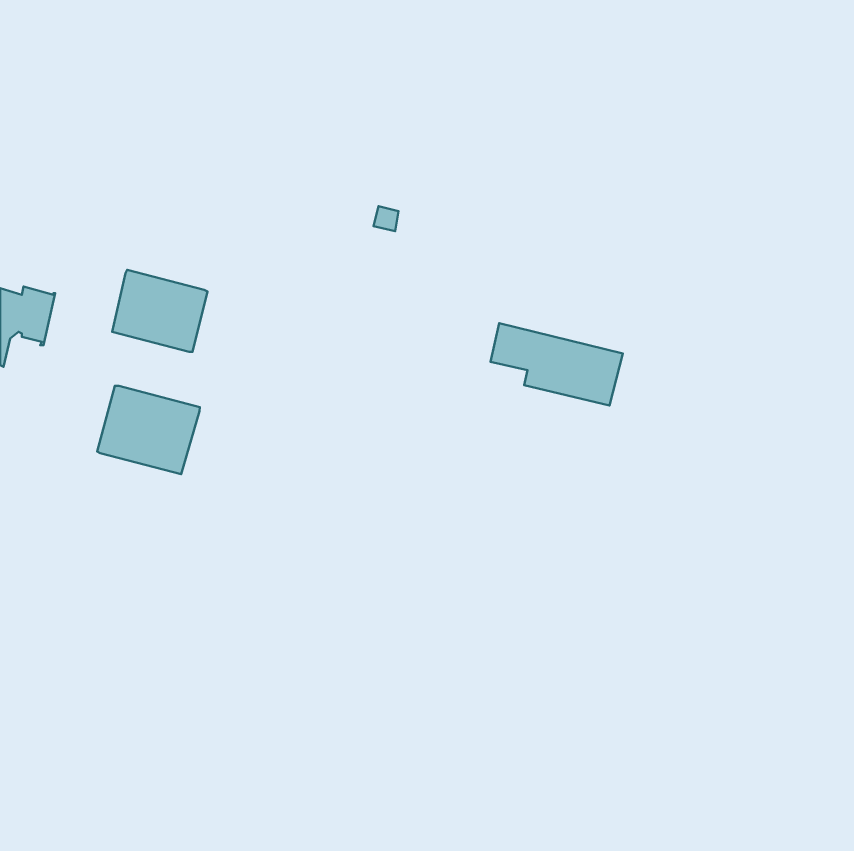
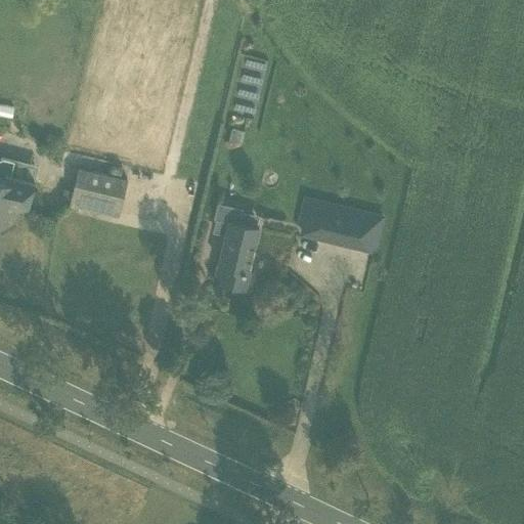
building: none -> [214,204,260,292]
building: [97,386,200,474] -> none

